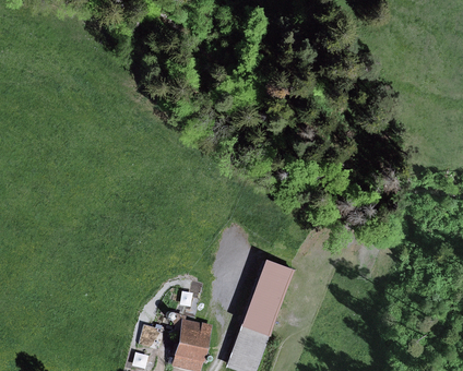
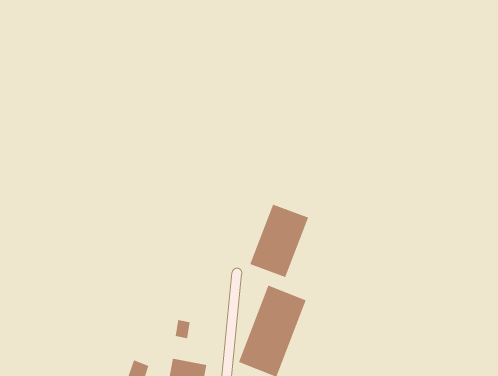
building: none -> [250,204,309,278]

